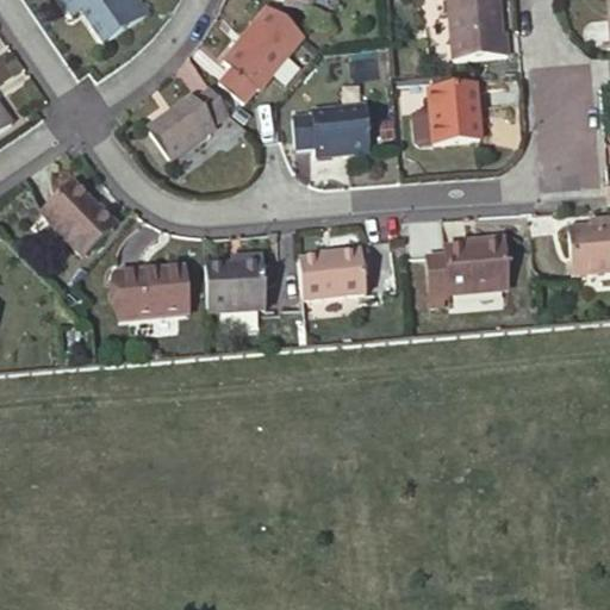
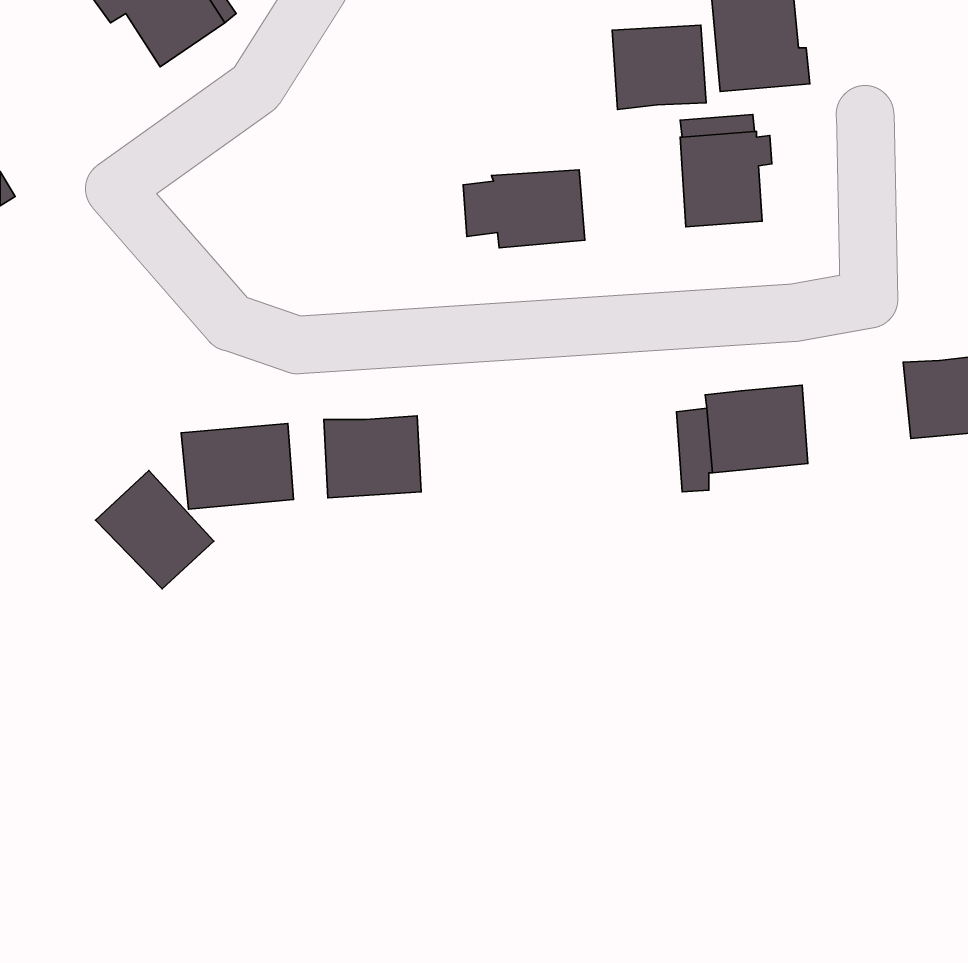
building: [220,5,304,101] -> none
building: none -> [612,25,706,110]
building: [149,86,230,156] -> none
building: [42,179,116,253] -> [96,470,214,589]
building: [299,249,367,299] -> none

